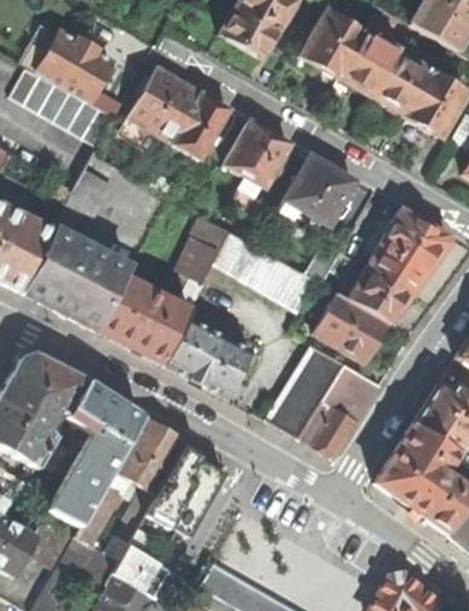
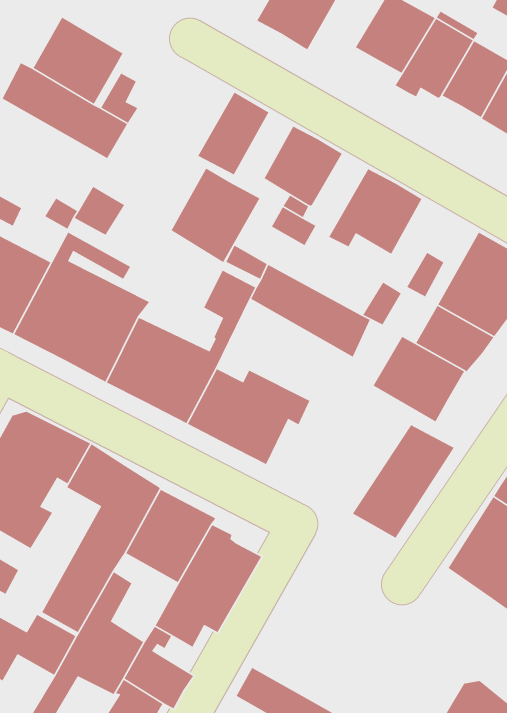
building: [129,66,202,144] -> [171,167,260,263]
building: [268,345,346,437] -> none

